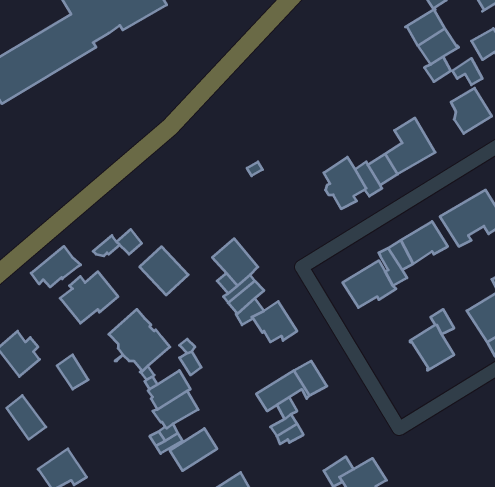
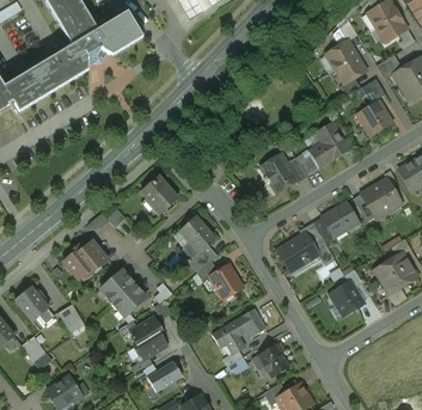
building: [31,246,81,287] -> none
building: [140,247,188,295] -> [137,175,175,212]
building: none -> [251,344,288,377]

